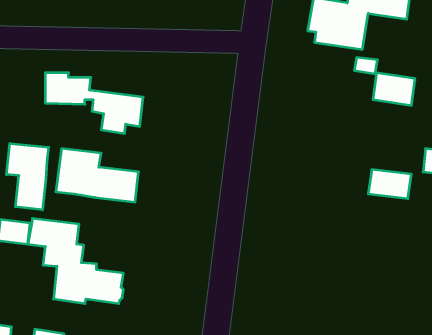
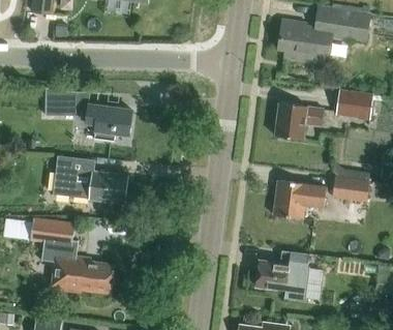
building: none -> [274,103,323,140]
building: [6,143,49,210] -> none
building: none -> [272,181,326,220]
building: none -> [254,251,308,300]

